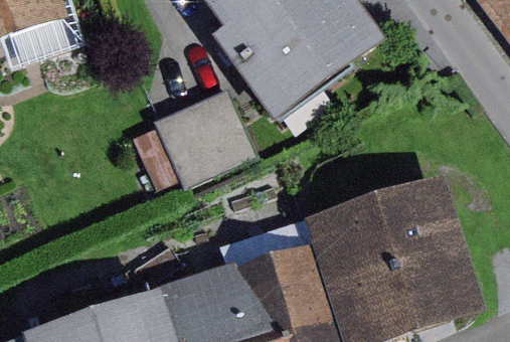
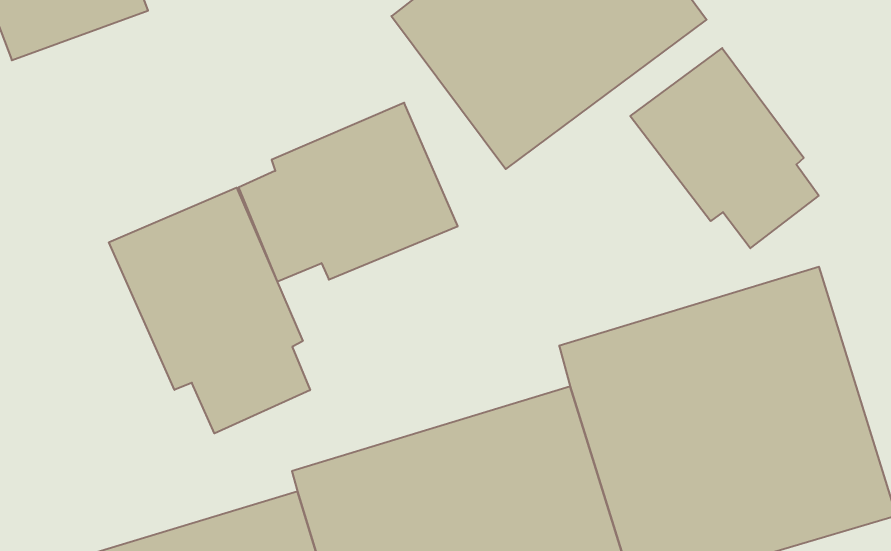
building: none -> [630,48,819,248]
building: none -> [109,188,310,433]

